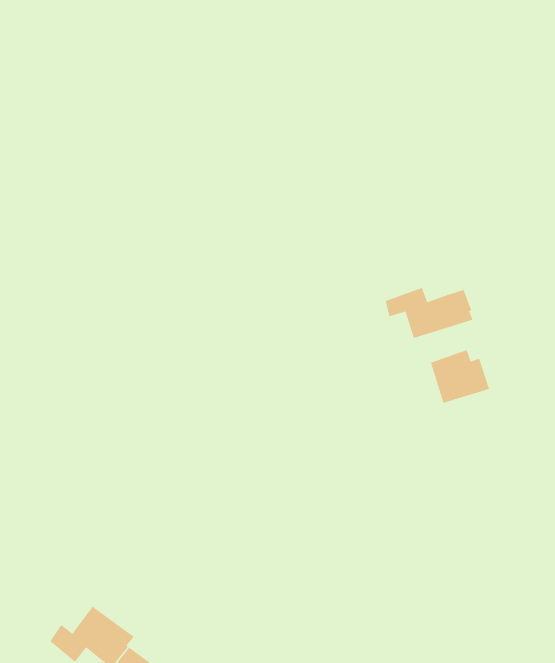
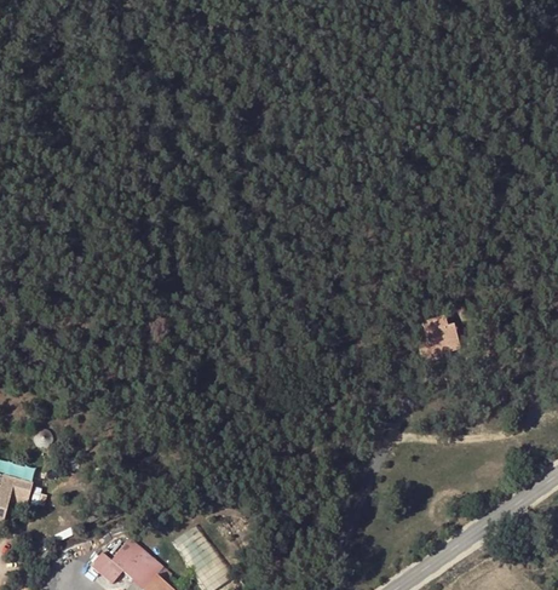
building: [385,287,473,339] -> none

